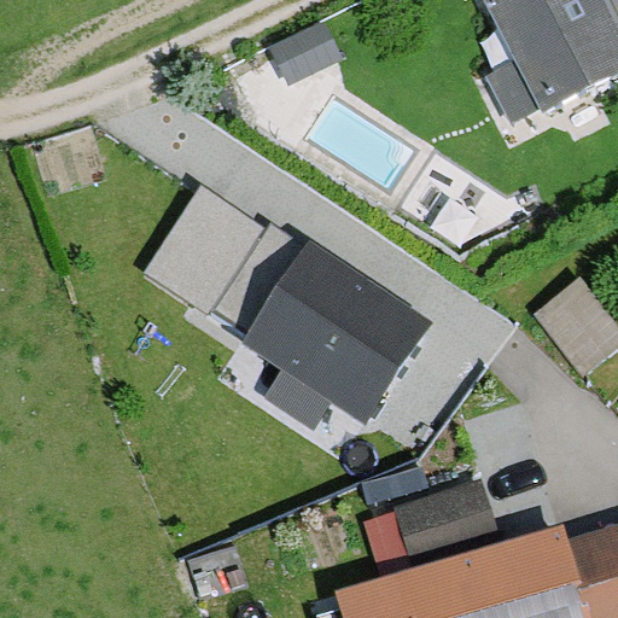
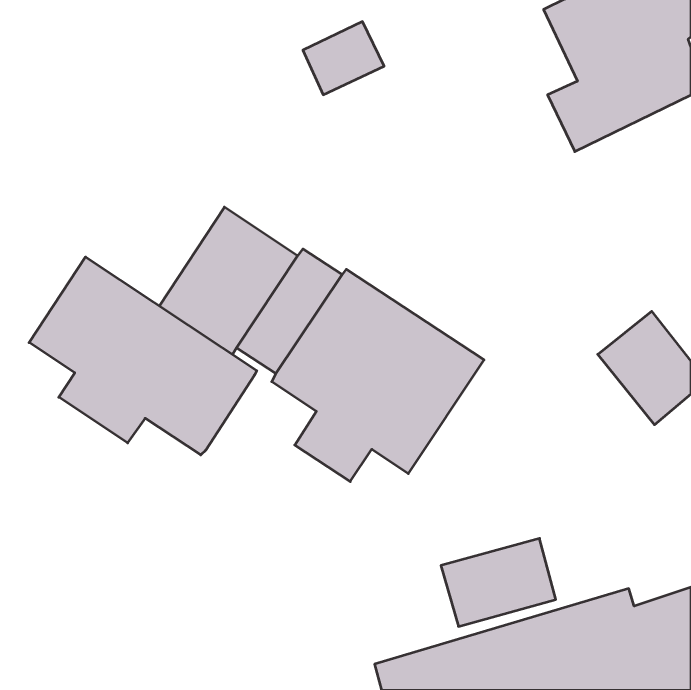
building: none -> [29,257,257,455]

